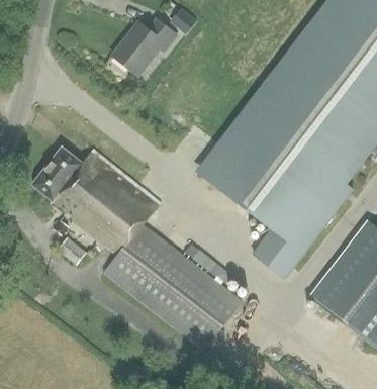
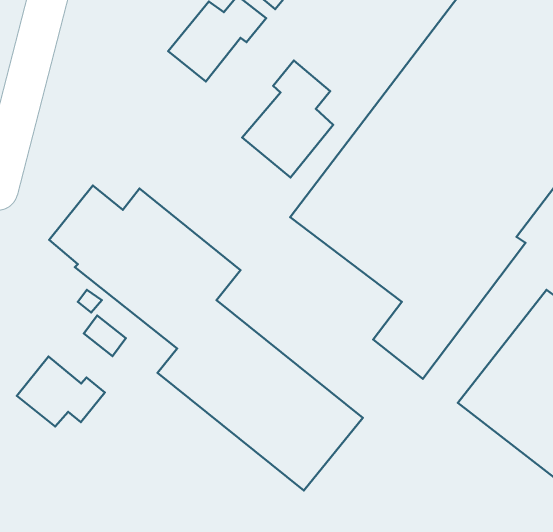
building: none -> [242,61,333,177]
building: none -> [17,356,105,426]

